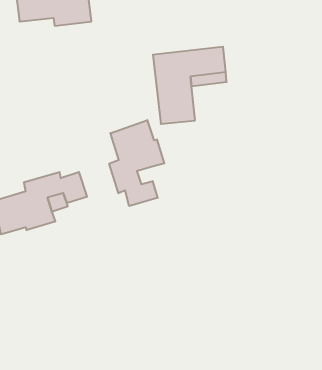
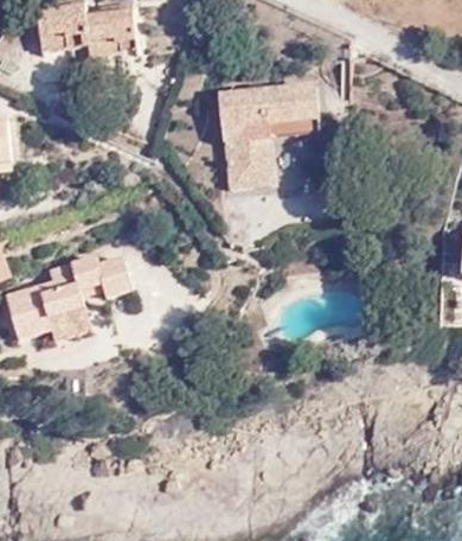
building: [109,120,164,206] -> none

